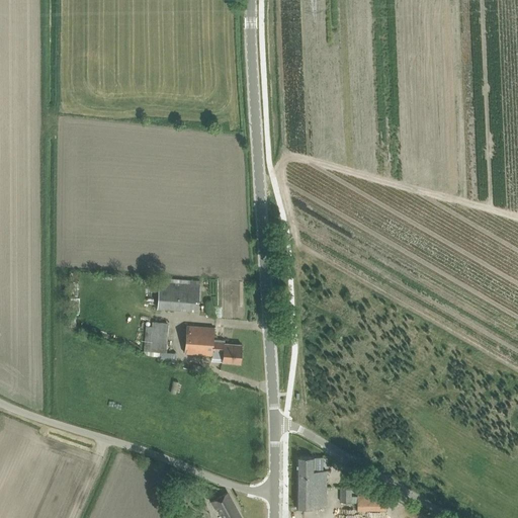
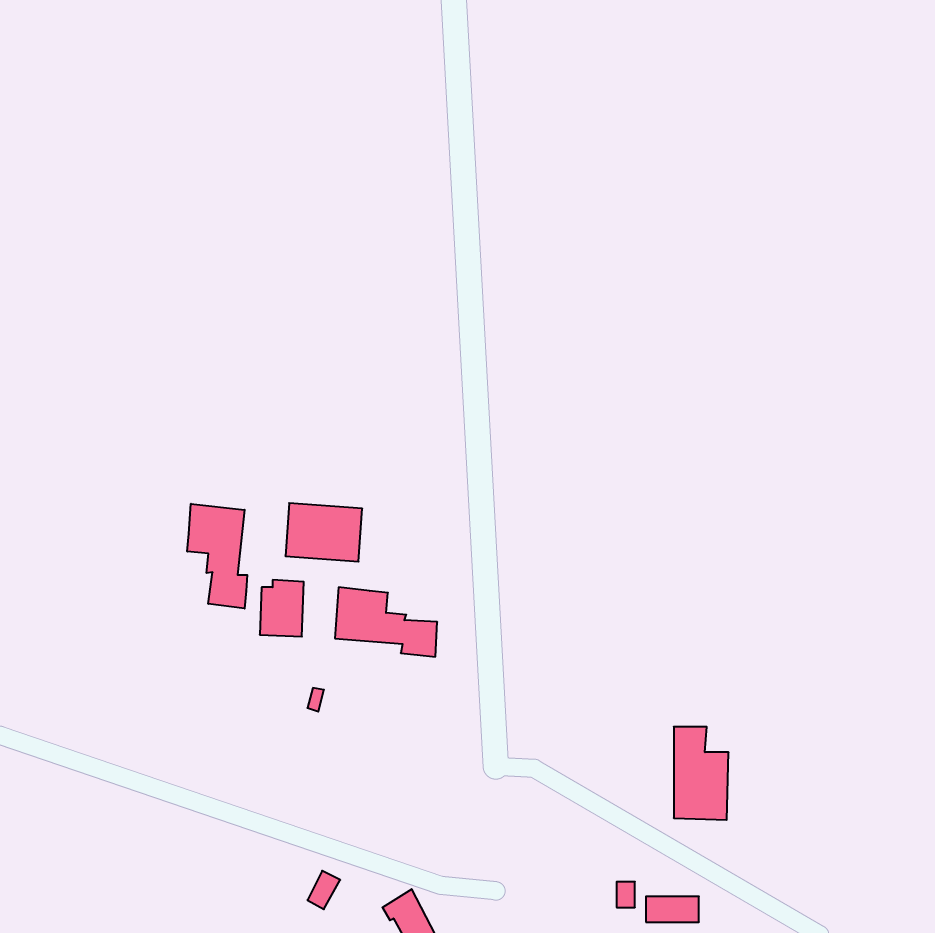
building: none -> [187,504,247,609]
building: [296,457,327,509] -> [674,727,729,820]

